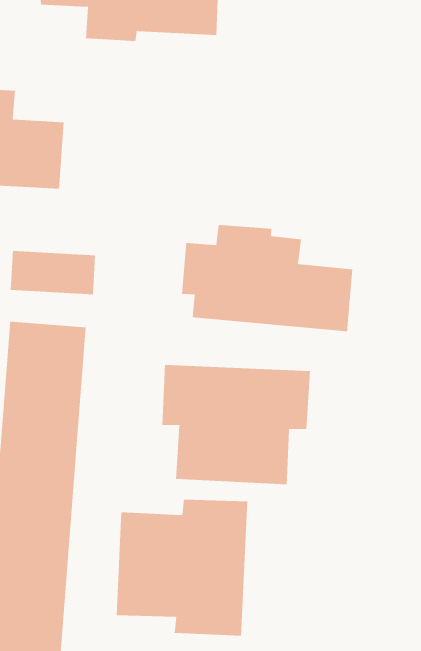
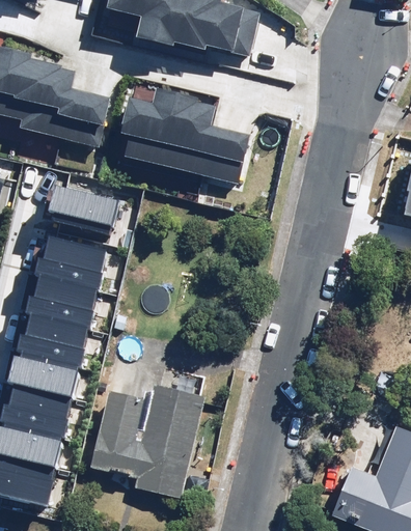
building: [181,225,353,332] -> [121,87,251,181]
building: [162,364,310,485] -> none

